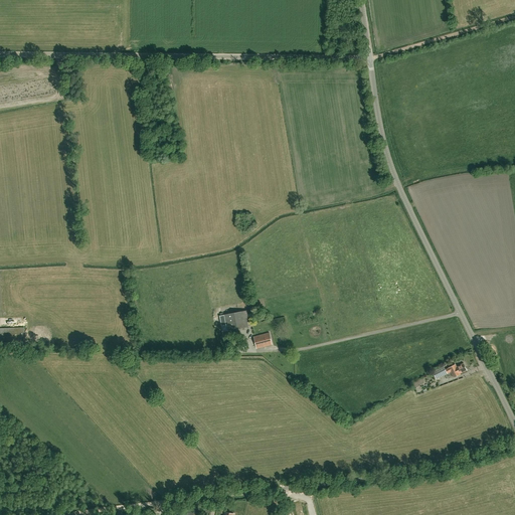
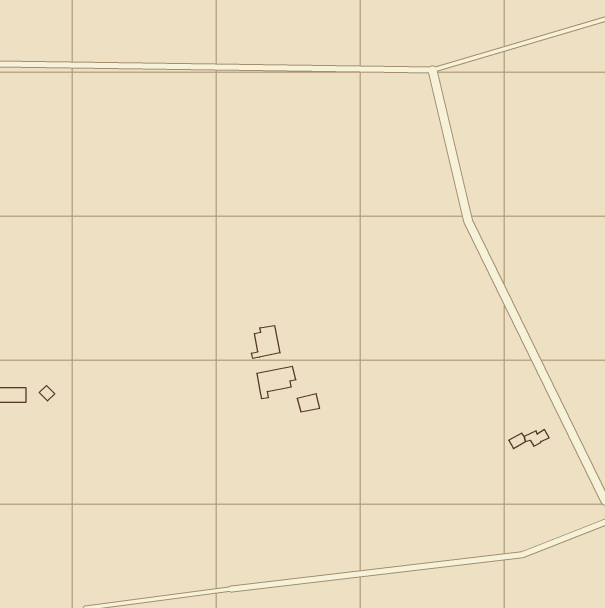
building: none -> [252,326,280,358]

